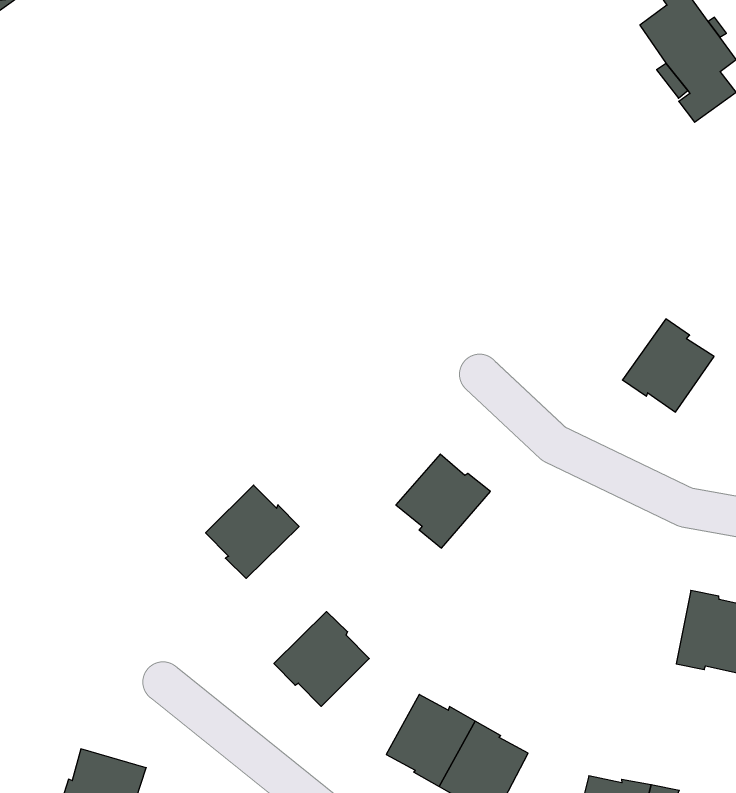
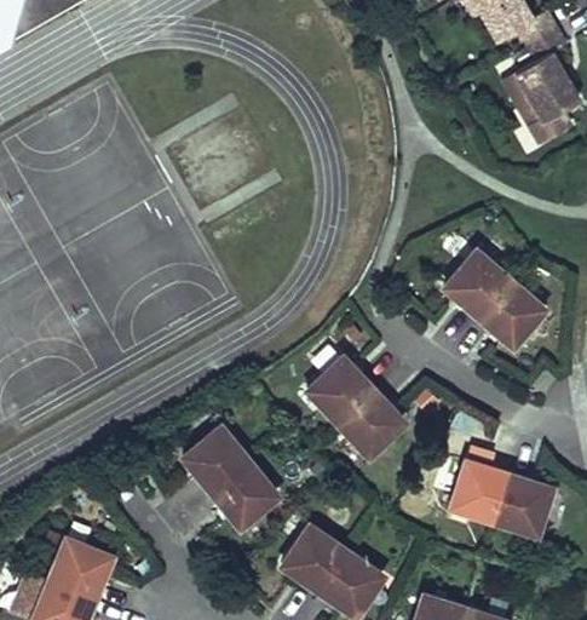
building: none -> [444,251,511,318]
building: [206,485,299,578] -> [183,427,249,493]
building: none -> [335,388,403,455]
building: none -> [450,461,508,523]

